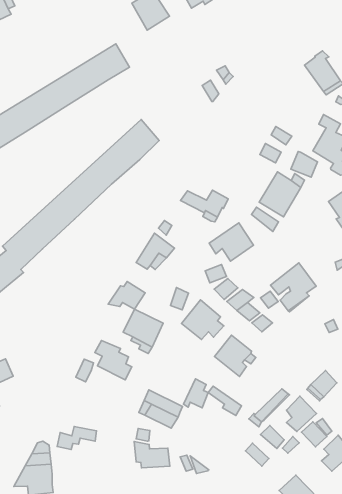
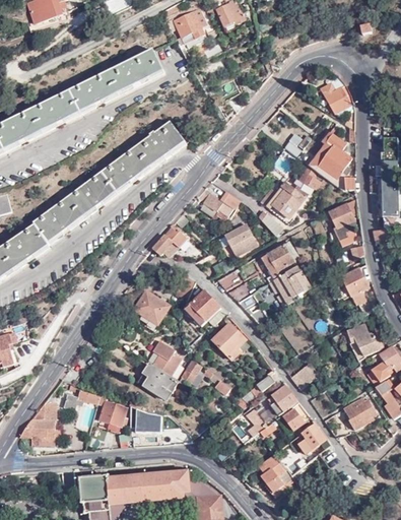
building: none -> [308,131,336,183]
building: none -> [256,241,299,284]
building: [108,282,145,309] -> none
building: [95,340,132,380] -> [151,340,183,378]
building: none -> [96,394,128,427]

